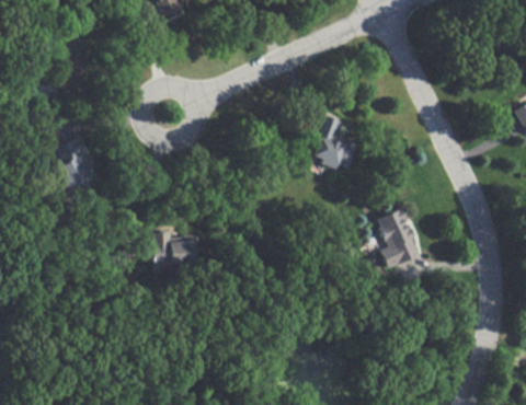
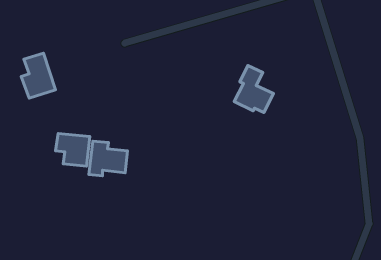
building: [377,209,421,268] -> none
building: none -> [55,134,90,166]

